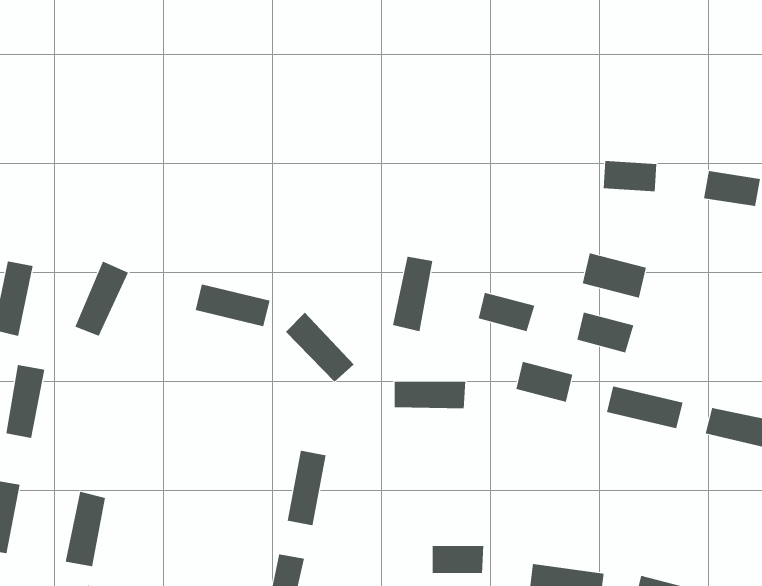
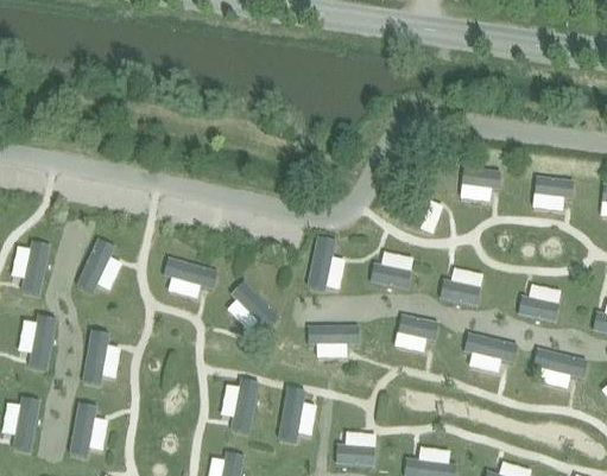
building: [582,253,647,298] -> none
building: none -> [518,293,559,322]
building: none -> [84,326,113,381]
building: none -> [277,389,306,444]

